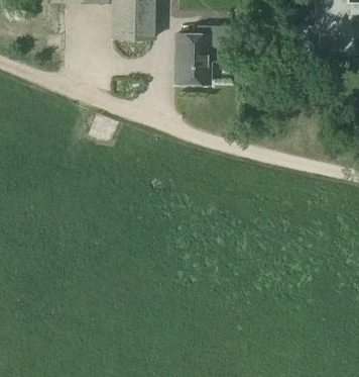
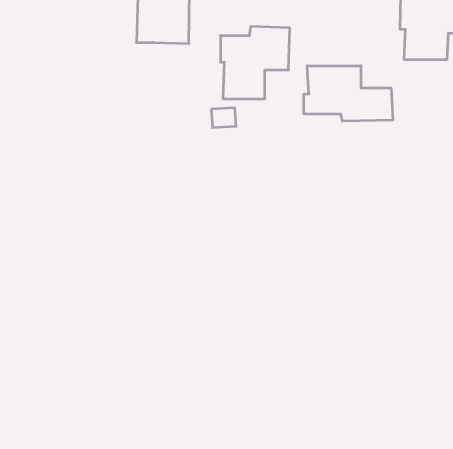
building: none -> [304,66,393,121]

